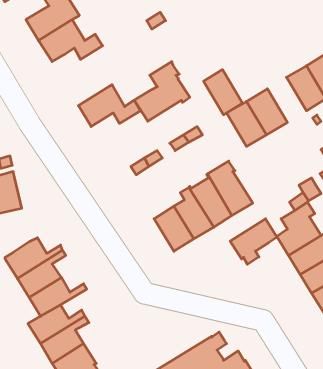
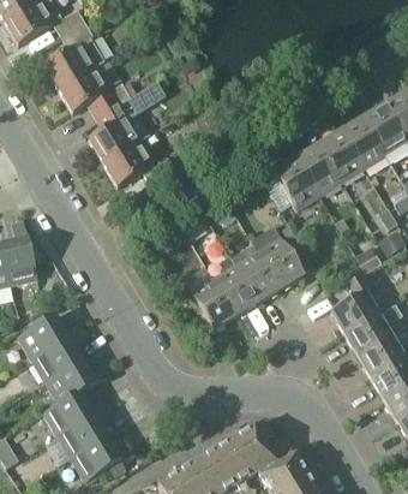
building: [134,62,190,121] -> [88,94,151,162]
building: [204,70,242,115] -> [319,130,364,181]
building: [230,219,277,264] -> none

